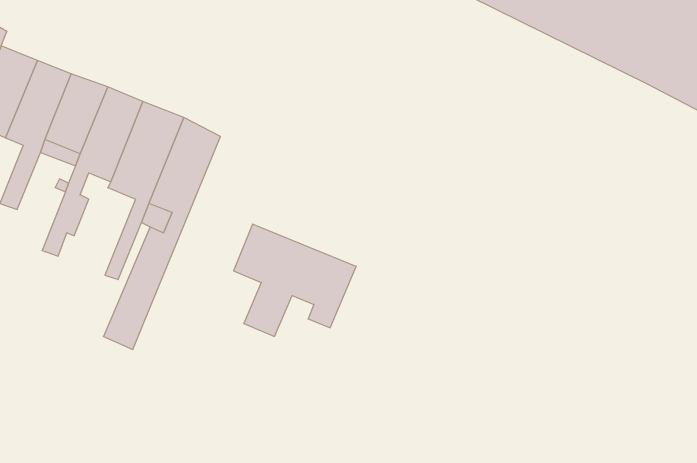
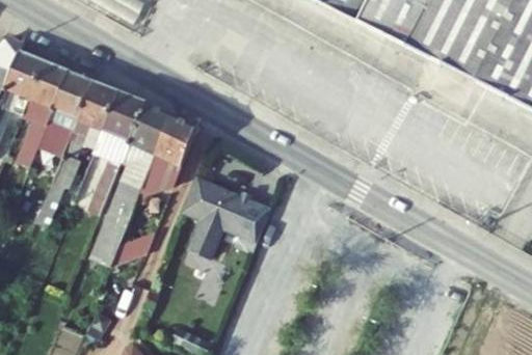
building: none -> [119,114,196,248]

